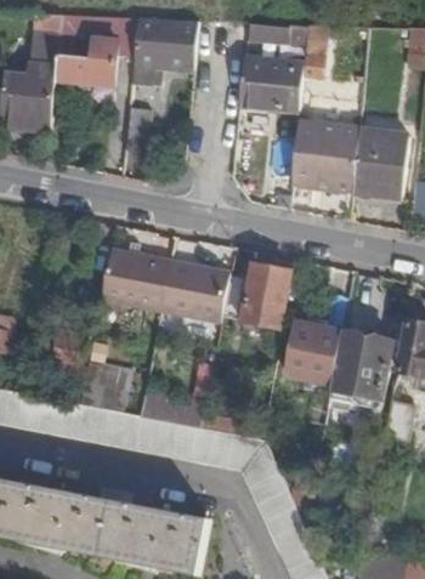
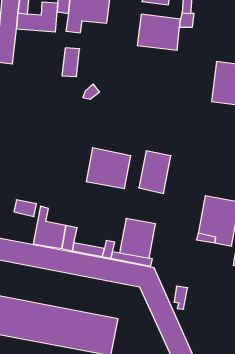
building: [289,119,358,188] -> none
building: [101,246,170,310] -> none
building: [287,323,341,384] -> [120,218,156,258]

